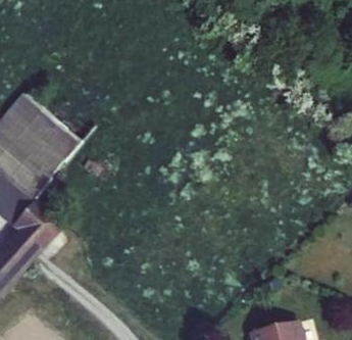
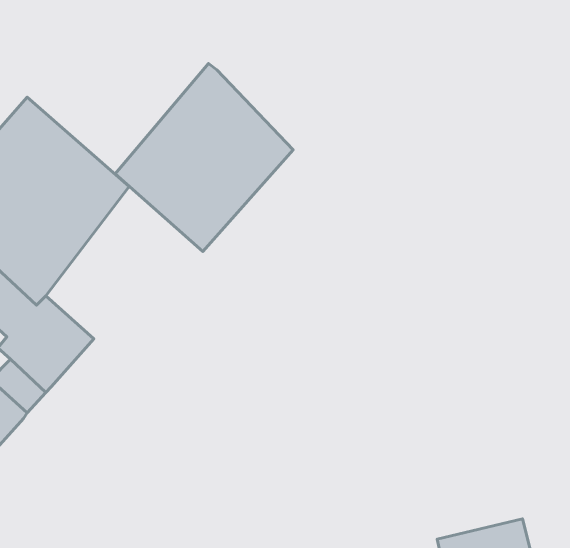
building: none -> [115,63,293,251]

